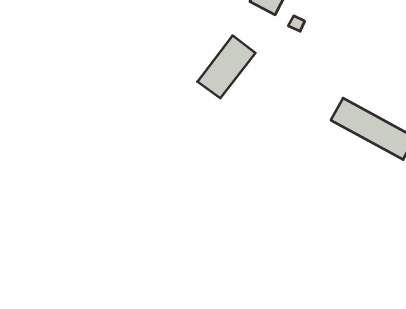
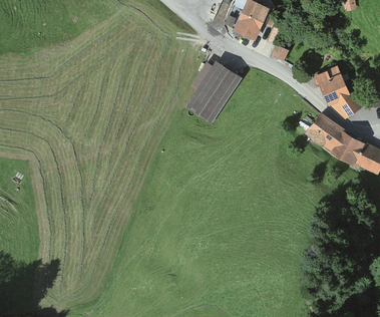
building: none -> [315,63,360,114]

